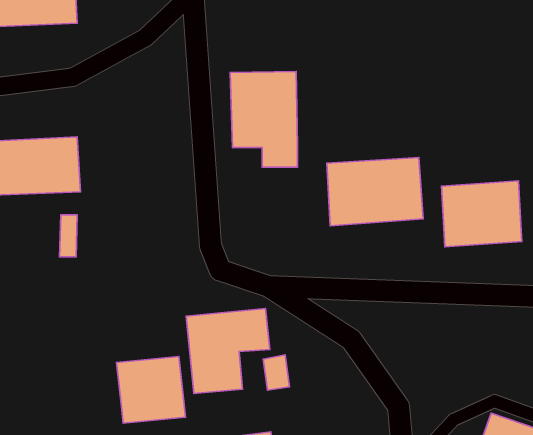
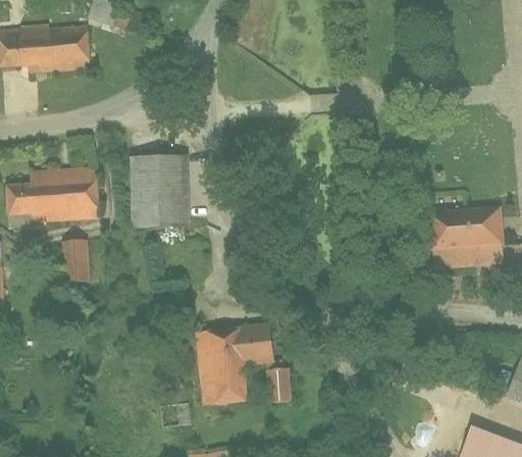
building: [230,71,297,167] -> [128,154,191,243]
building: [327,157,423,226] -> none
building: [116,356,186,423] -> none

